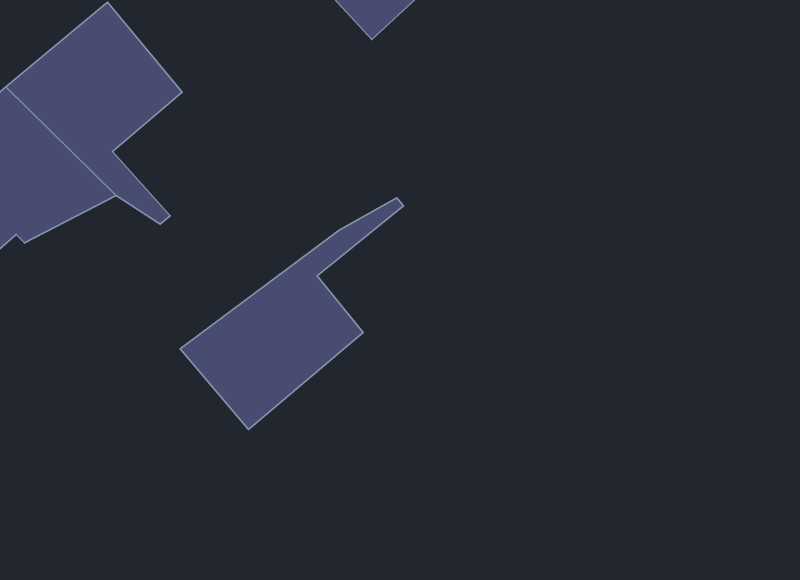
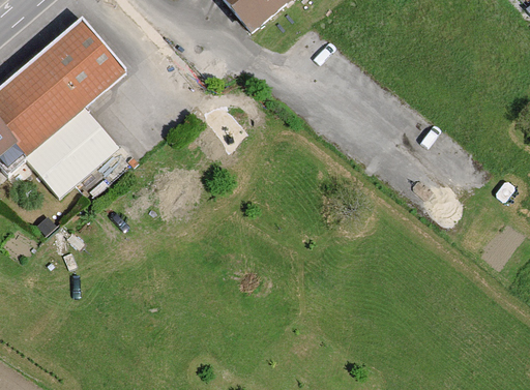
building: none -> [31,134,114,198]
building: [180,198,404,430] -> none

